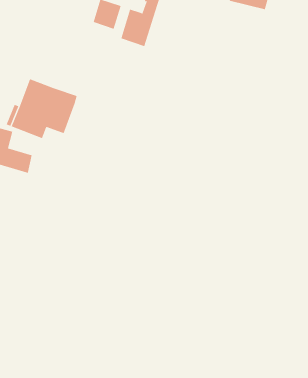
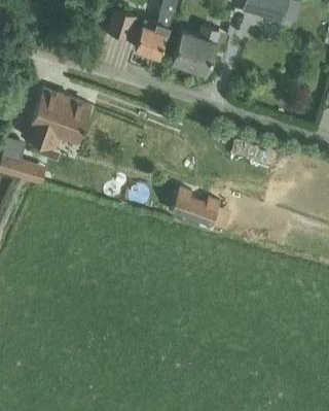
building: none -> [173,27,220,72]
building: none -> [173,186,221,226]

